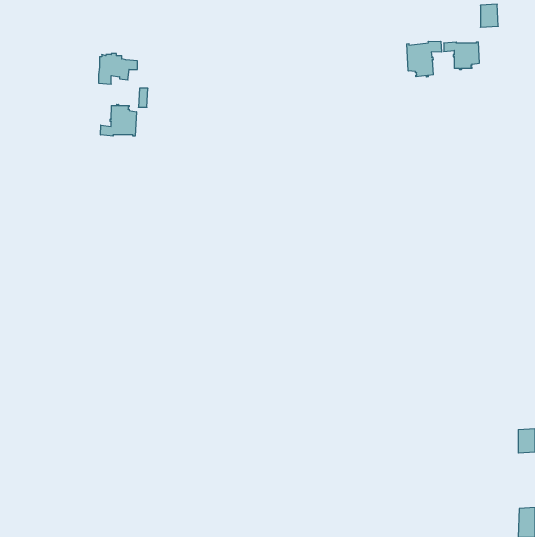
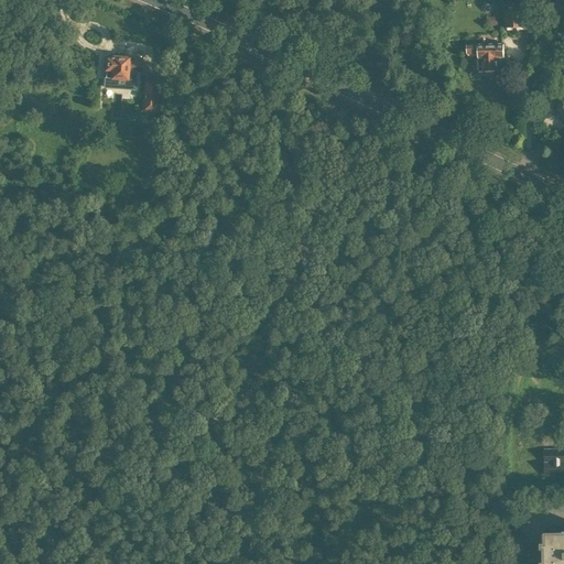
building: [407,41,442,77] -> none
building: [101,104,136,136] -> none

